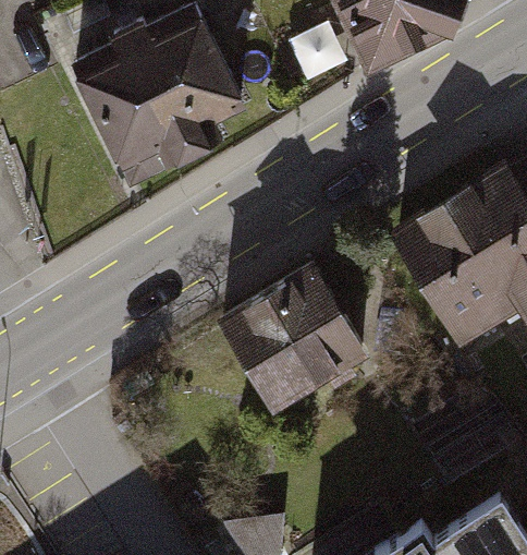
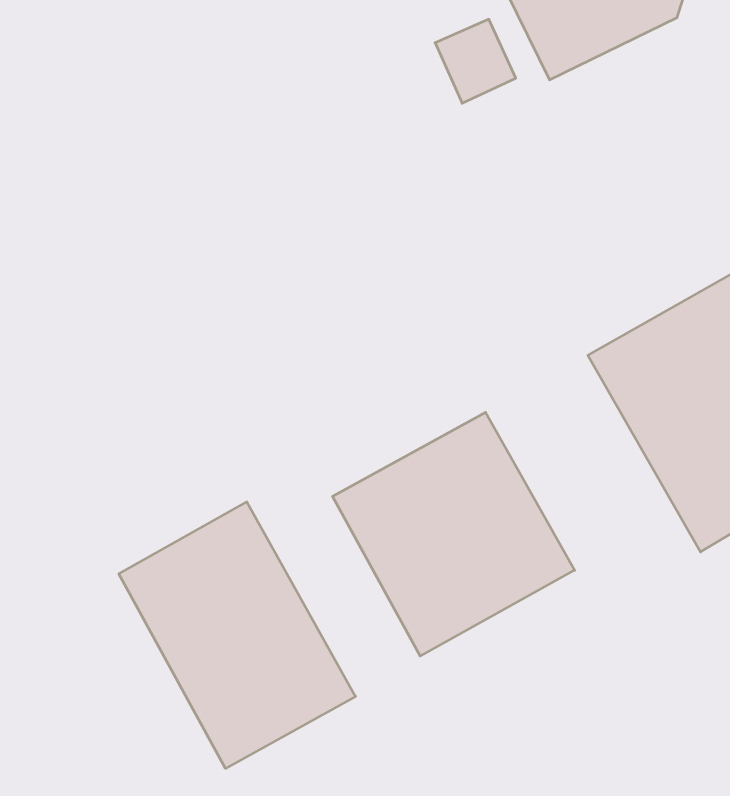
building: [69,7,244,178] -> none
building: none -> [119,502,356,768]

